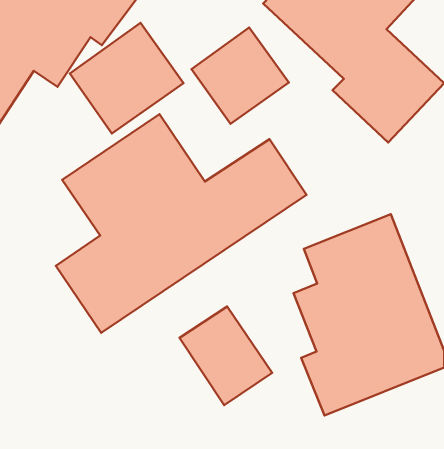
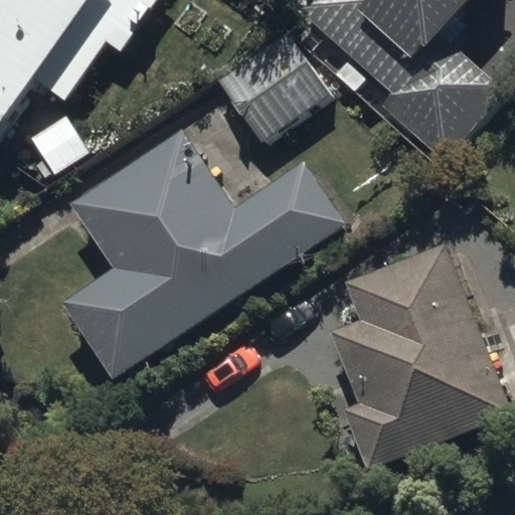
building: [70,23,183,133] -> none
building: [179,307,272,405] -> none

